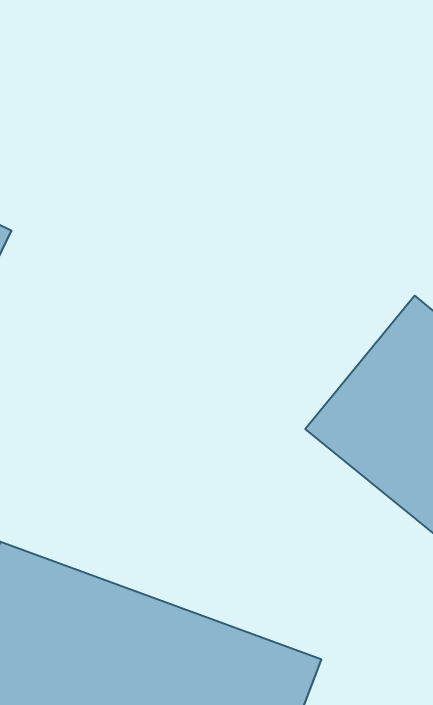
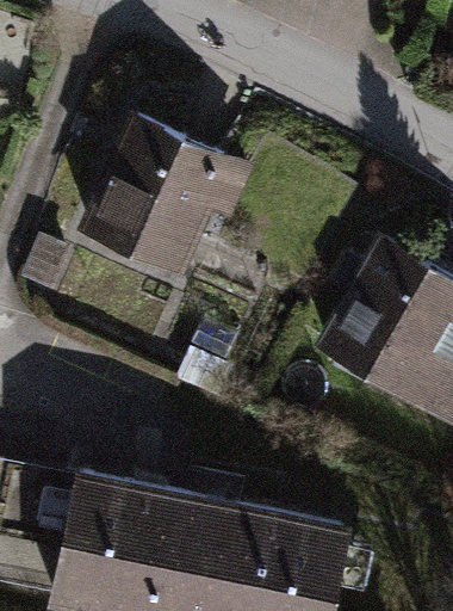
building: none -> [86,123,247,286]

